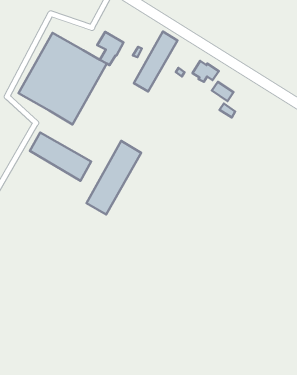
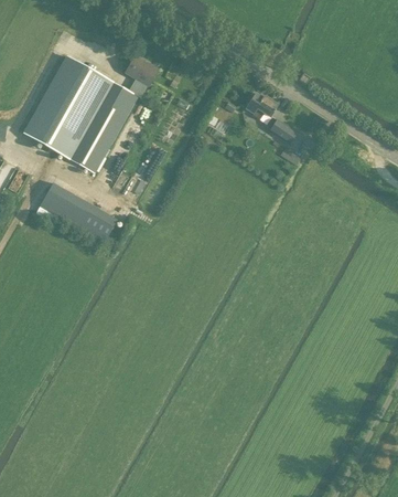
building: [134,31,177,91] -> none
building: [86,141,141,214] -> none

